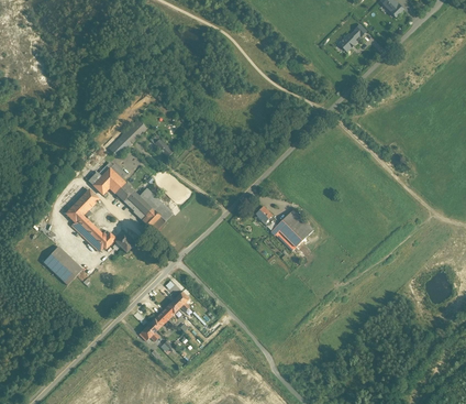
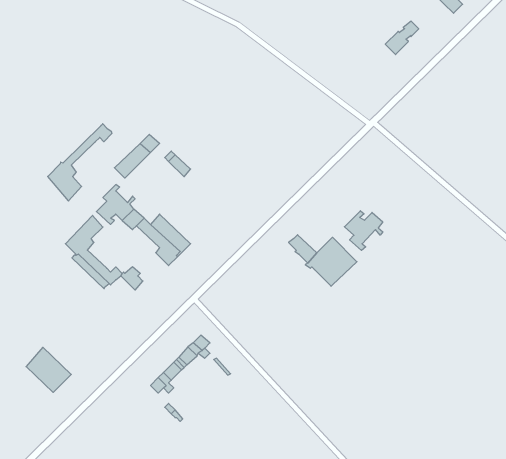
building: none -> [48,124,112,201]
building: none -> [344,211,383,250]
building: [43,247,81,285] -> [26,347,71,392]

